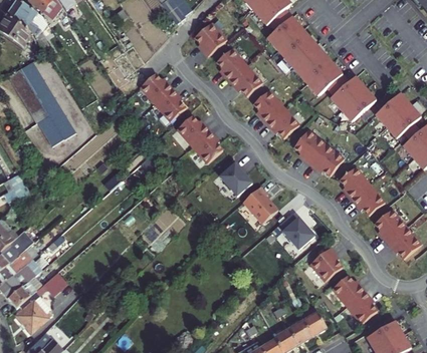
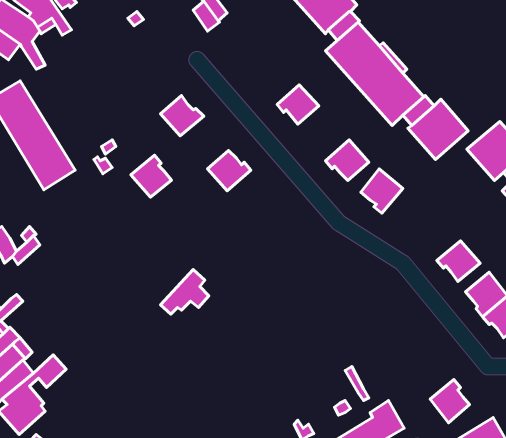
building: [194,22,226,56] -> none
building: [216,48,246,80] -> none
building: [155,89,186,121] -> [131,155,172,197]
building: [253,90,284,123] -> none
building: [191,130,222,163] -> none
building: [309,144,344,176] -> none
building: [220,163,252,196] -> none
building: [339,166,370,200] -> none
building: [242,187,277,224] -> none
building: [279,214,314,250] -> none
building: [309,248,343,281] -> none
building: [332,275,365,306] -> none

